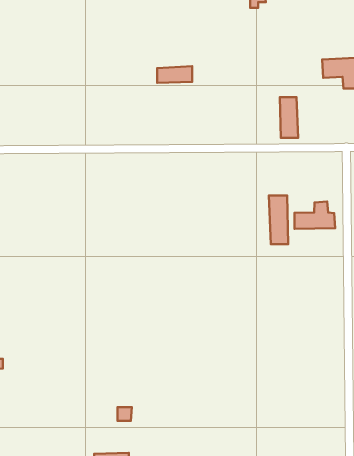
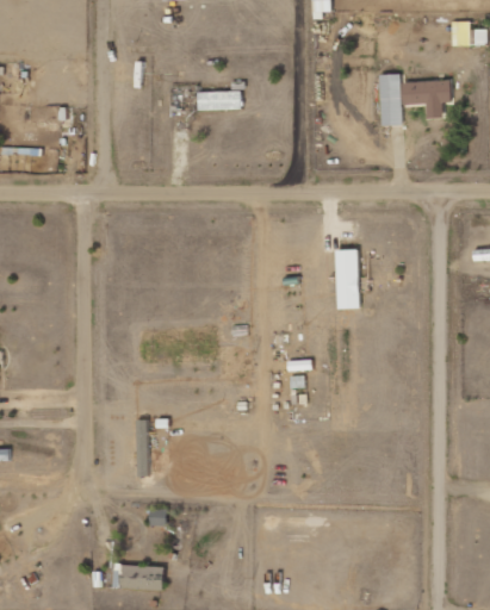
building: [280,97,298,138] -> [379,75,402,125]
building: [294,202,335,229] -> none

